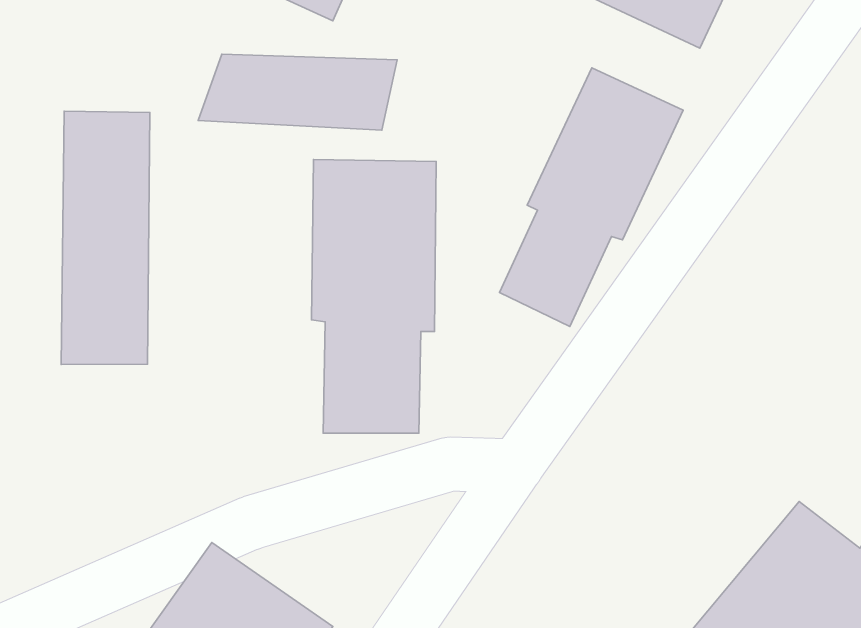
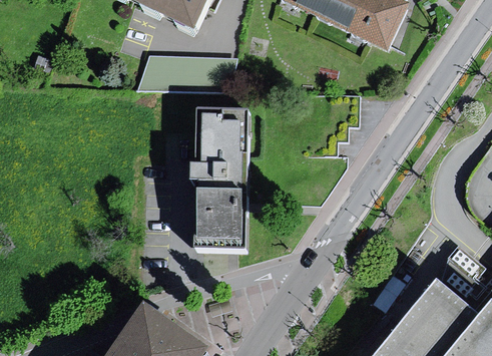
building: [499,68,683,327] -> none
building: [61,111,150,365] -> none

